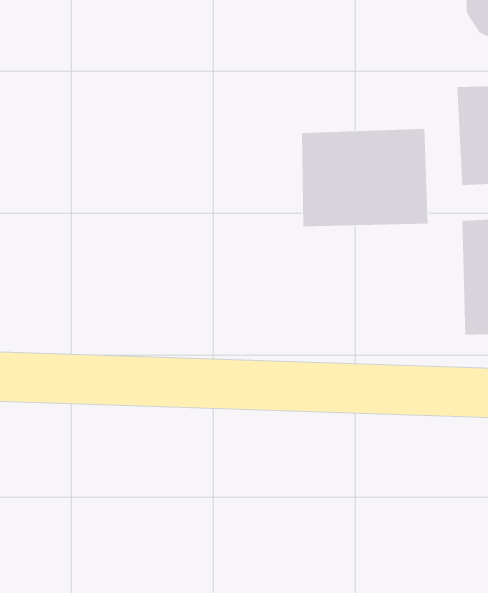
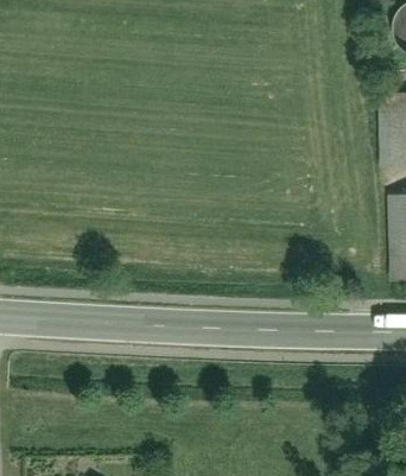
building: [301,128,428,227] -> none

